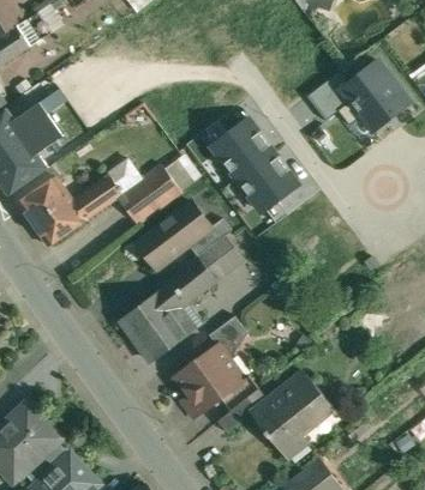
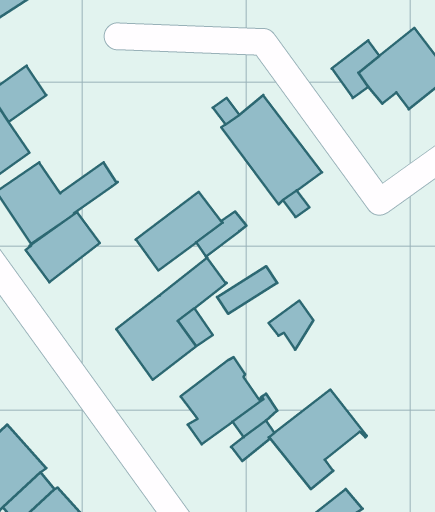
building: [116,164,180,224] -> [26,212,100,282]
building: [197,235,243,279] -> none
building: [208,315,246,357] -> [269,301,313,350]

